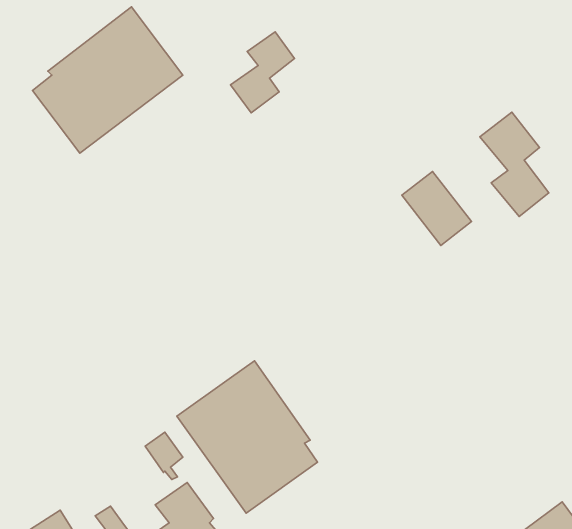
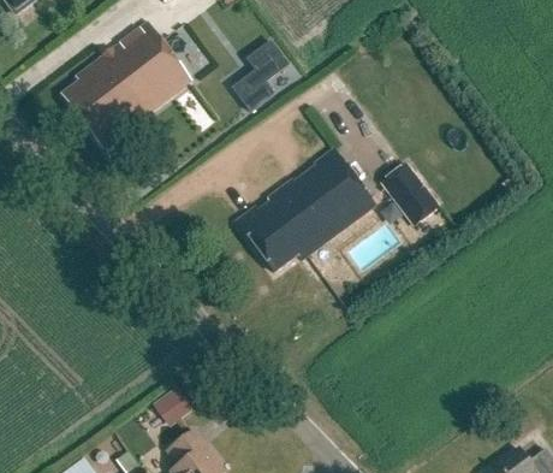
building: [480,112,549,217] -> none
building: none -> [237,148,376,271]
building: [177,361,317,513] -> none

